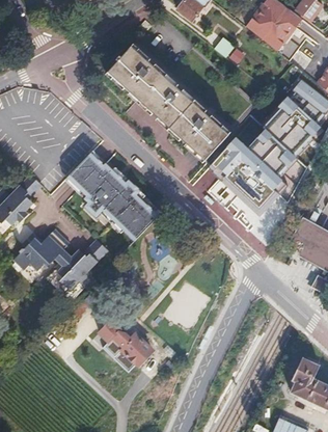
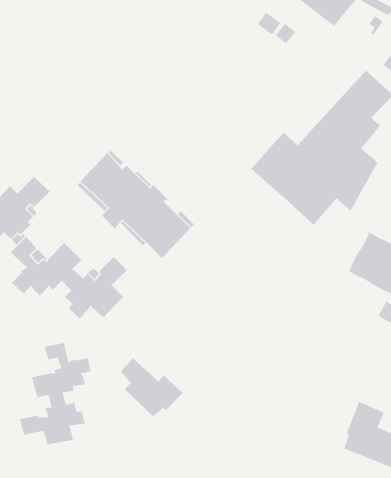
building: [108,44,228,158] -> none
building: none -> [19,342,92,445]

